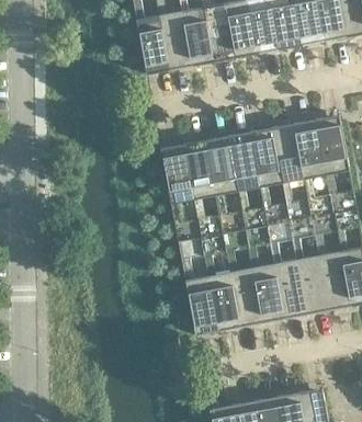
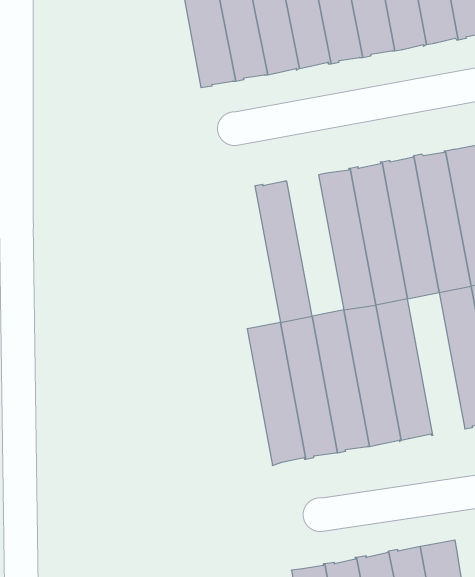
building: [206,135,246,232] -> none
building: [161,142,202,241] -> none
building: [290,216,329,315] -> none

